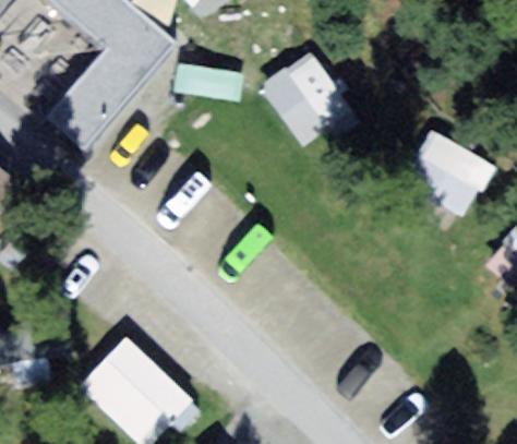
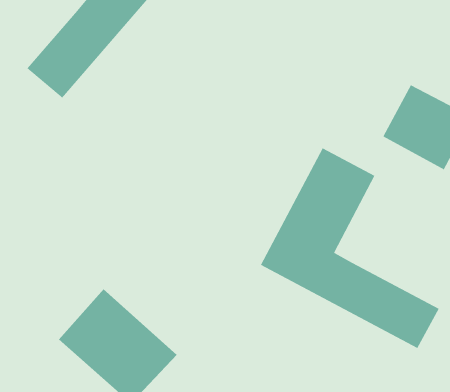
building: [263,52,352,147] -> none
building: none -> [260,148,439,349]

